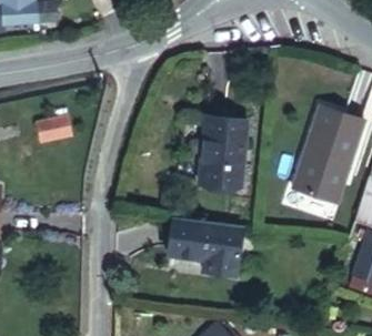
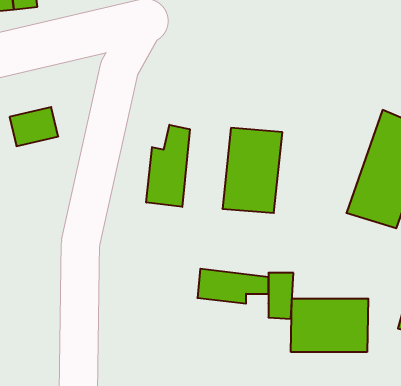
building: none -> [146,125,190,207]
building: none -> [291,299,368,352]

